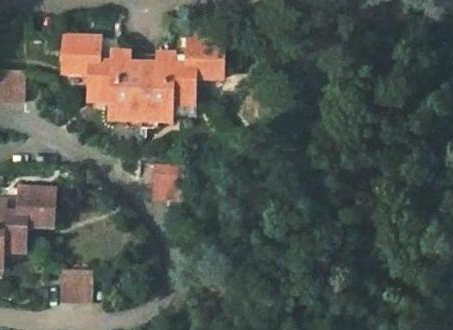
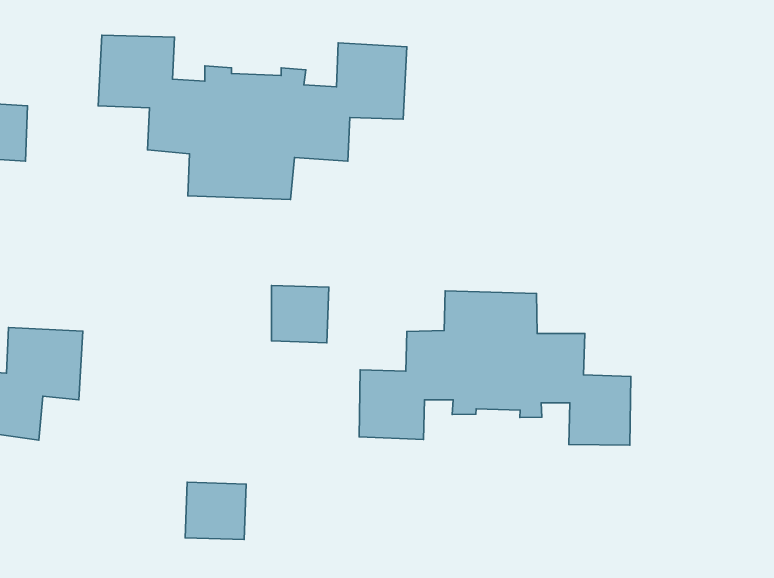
building: none -> [359,291,631,445]
building: [58,272,90,302] -> [185,482,246,540]

